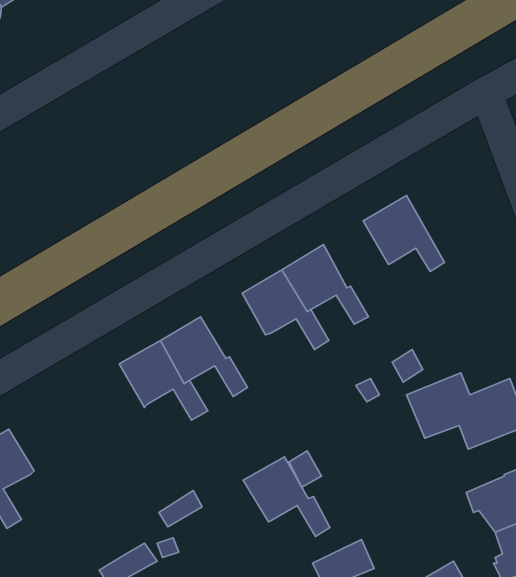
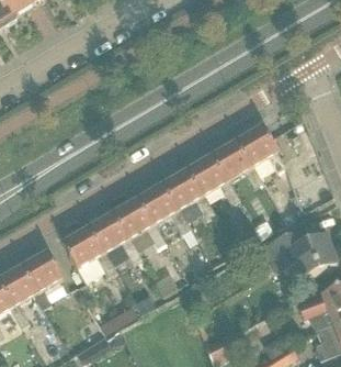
building: none -> [213,138,262,182]
building: none -> [64,225,117,274]
building: none -> [22,249,62,307]
building: [243,457,330,536] -> [138,182,191,231]

